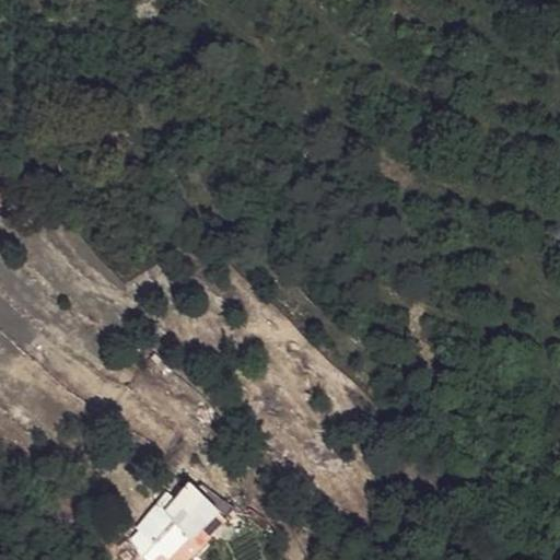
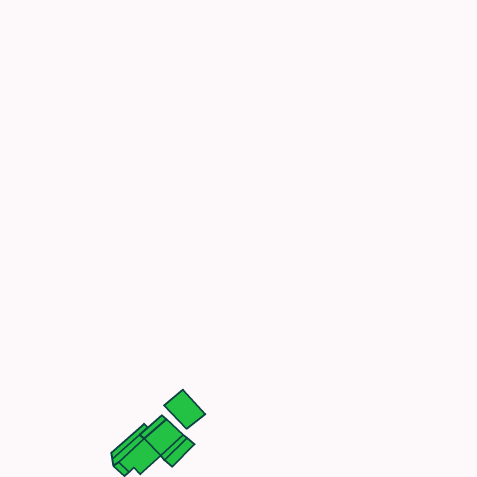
building: none -> [164,390,205,429]

